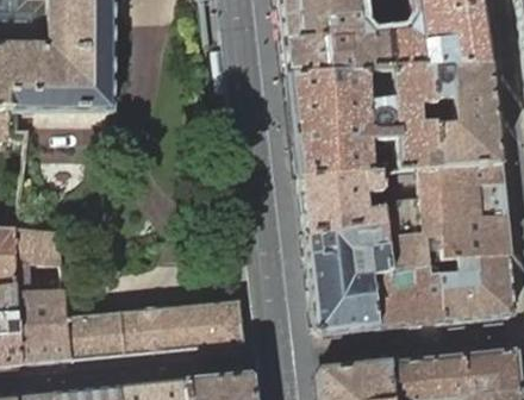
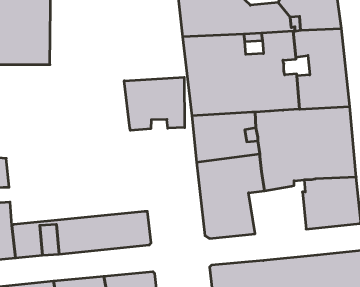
building: none -> [124,77,185,130]
building: [369,267,443,329] -> none

